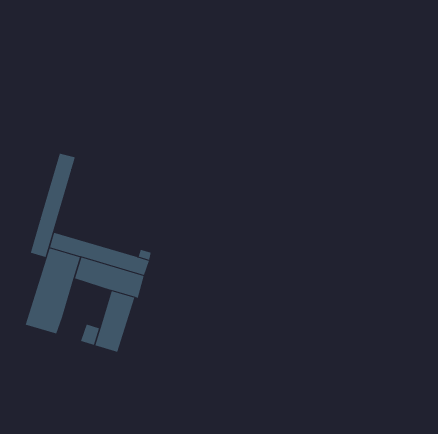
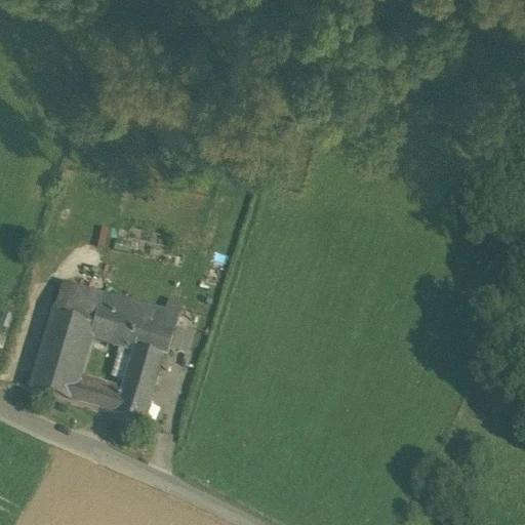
building: [30,153,76,258] -> none
building: none -> [68,378,103,407]

